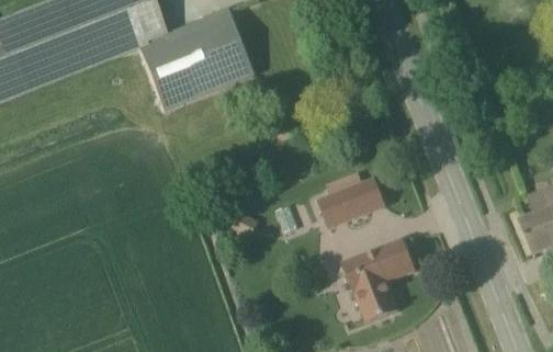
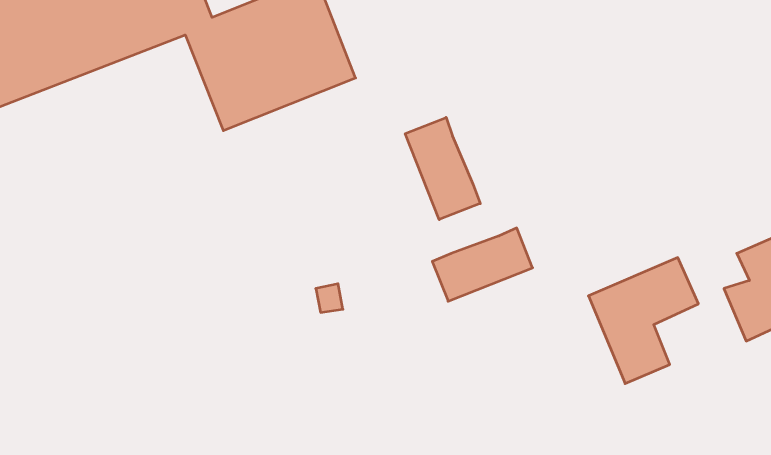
building: none -> [405,117,480,220]
building: [340,236,416,322] -> [588,258,698,384]

